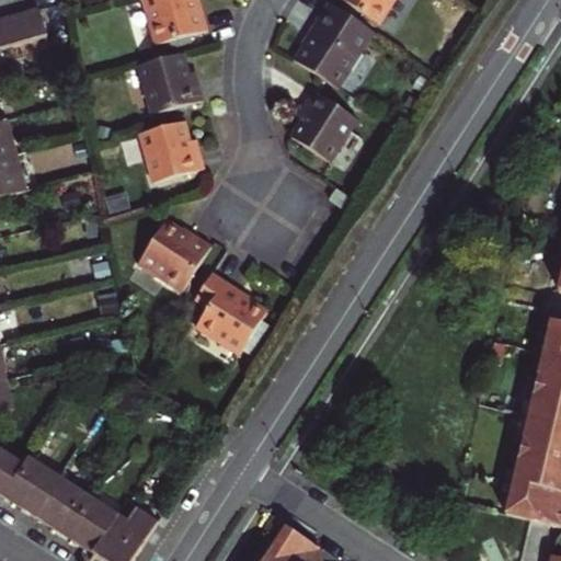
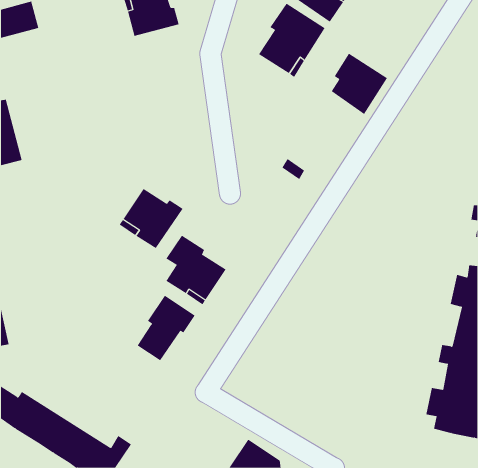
building: [130,54,196,115] -> none
building: [296,92,363,164] -> [331,53,388,115]
building: [131,122,197,185] -> none
building: none -> [137,295,196,361]

